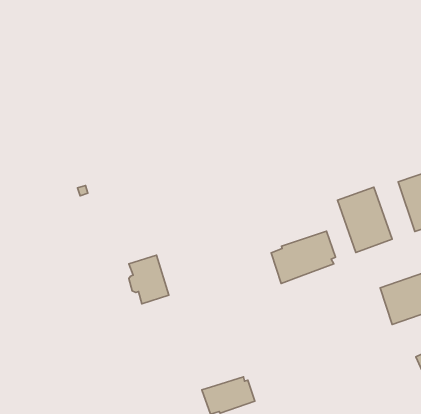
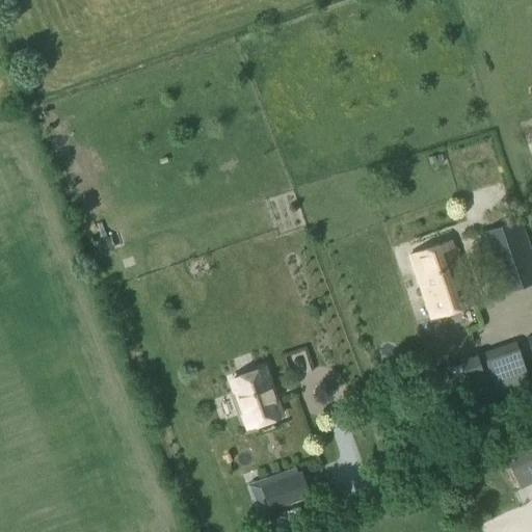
building: [271,231,335,283] -> none
building: [129,255,169,304] -> [236,358,284,417]

